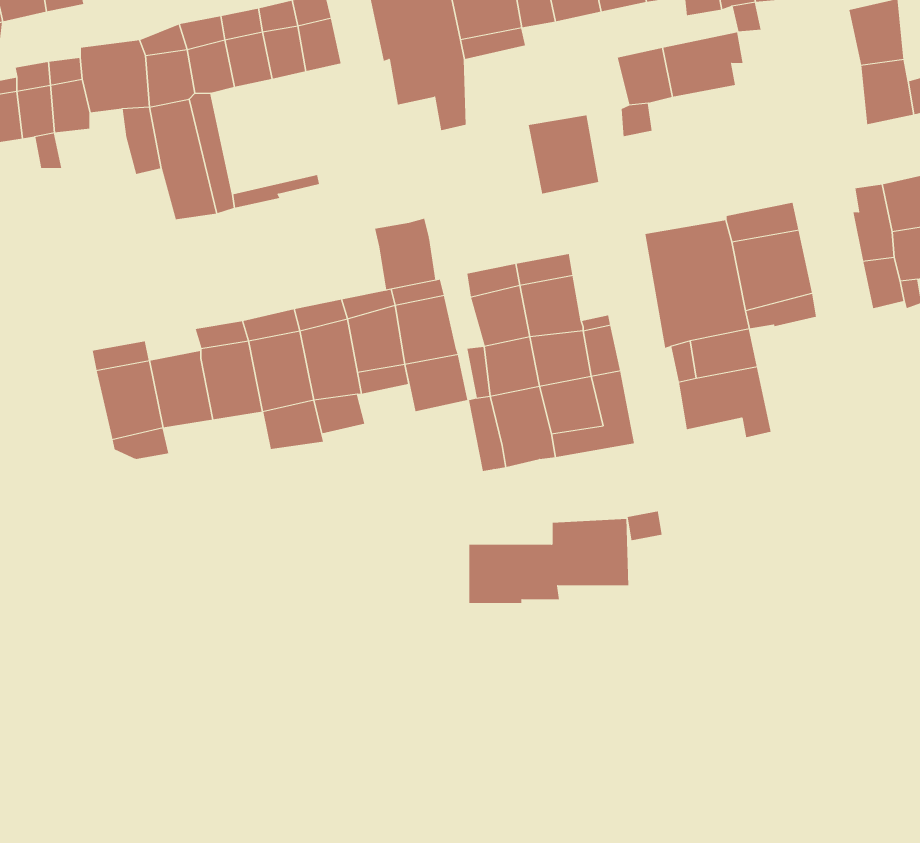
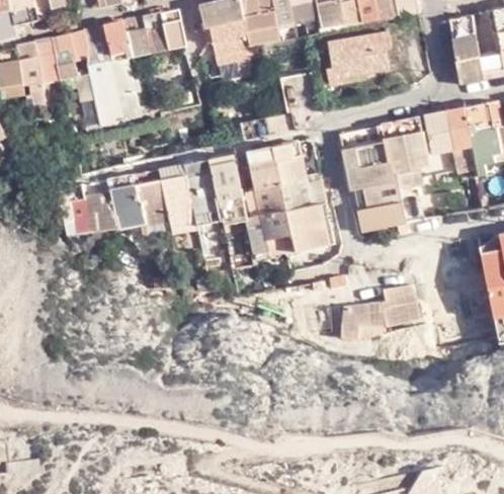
building: none -> [422,110,451,152]
building: [374,218,436,290] -> none
building: [469,519,629,604] -> [343,296,425,339]

